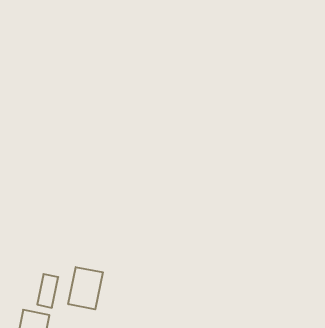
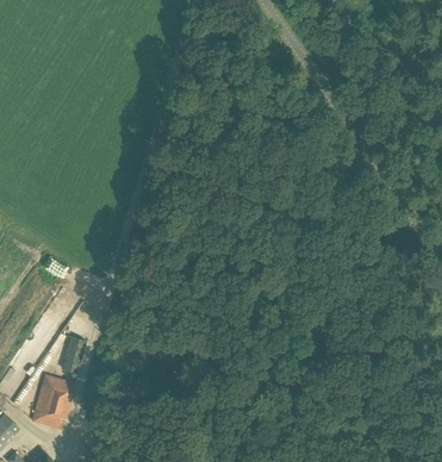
building: [68,267,103,309] -> none

